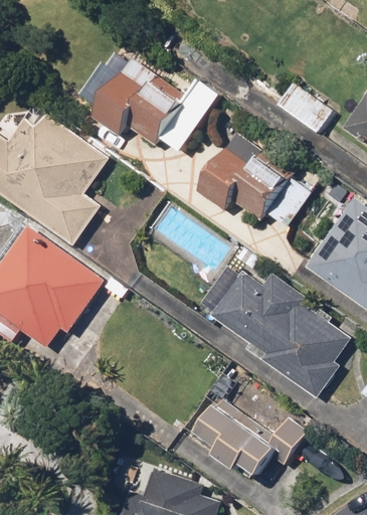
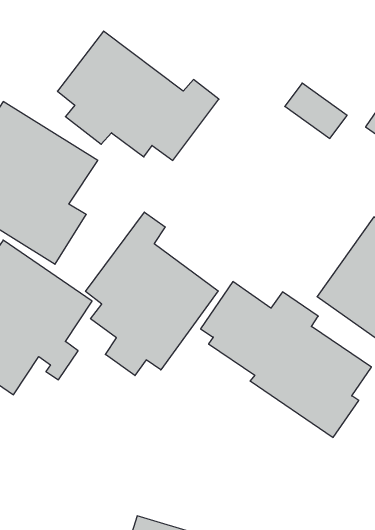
building: [194,130,296,221] -> none
building: none -> [86,212,218,376]
building: [196,396,310,470] -> none

